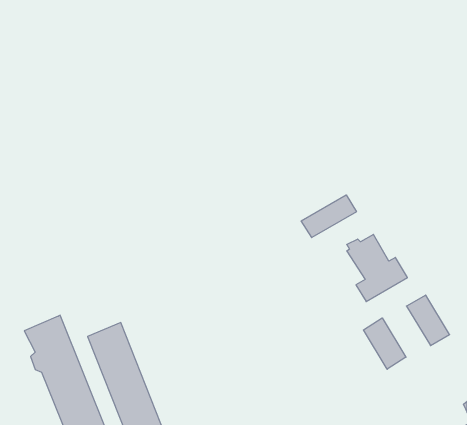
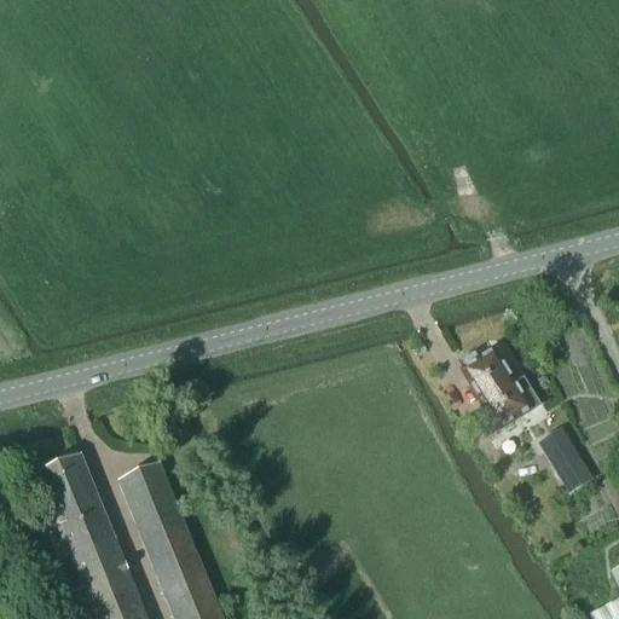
building: [301,195,356,238] -> none
building: [363,318,406,369] -> none

